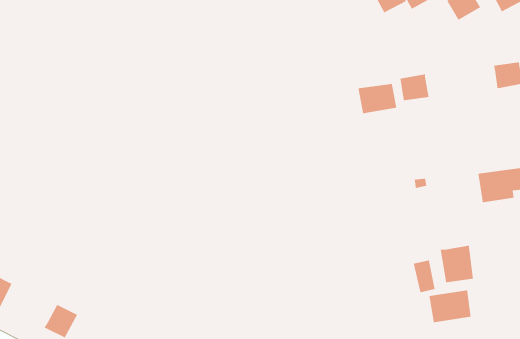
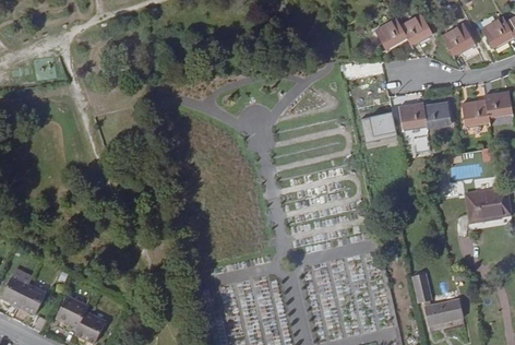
building: none -> [462,99,488,124]
building: none -> [422,102,450,127]
building: [440,245,474,283] -> none
building: none -> [57,297,88,329]

